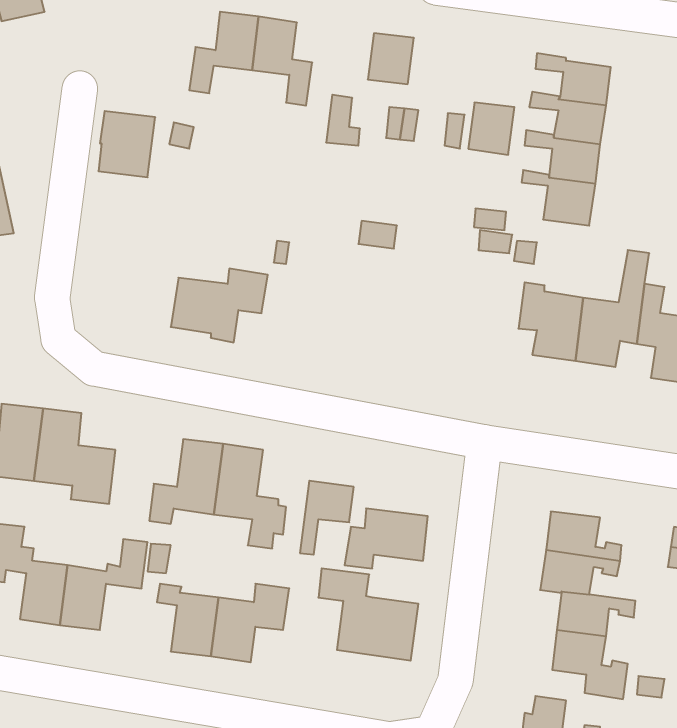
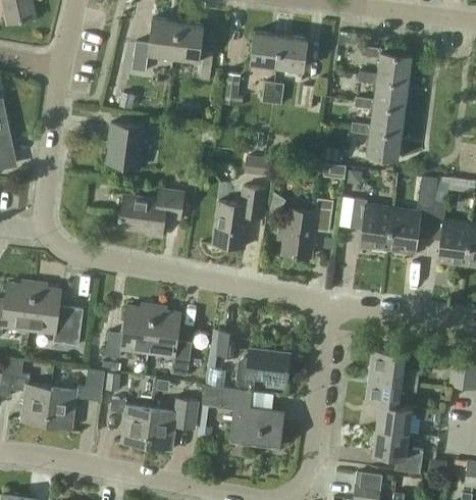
building: [468,103,514,155] -> [277,36,308,70]
building: [98,111,155,177] -> [108,123,146,167]
building: none -> [213,187,266,248]
building: none -> [279,198,334,257]

